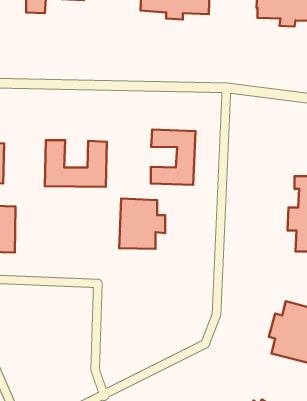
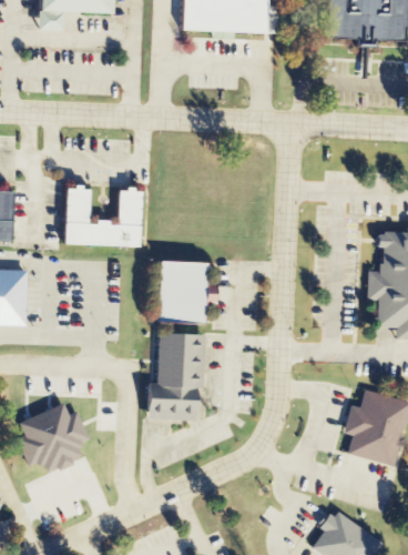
building: [151,130,196,185] -> none
building: none -> [144,332,202,420]
building: none -> [16,403,89,472]

